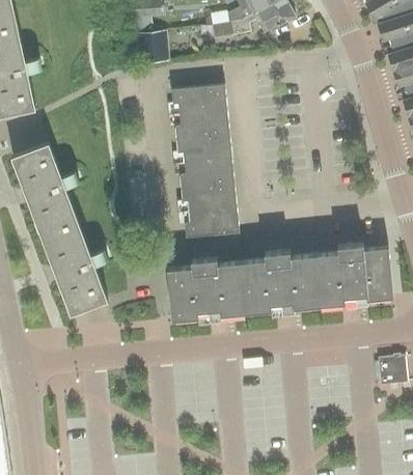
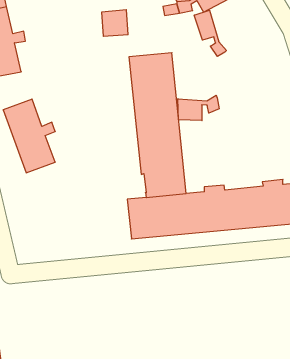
building: none -> [194,10,226,56]
building: none -> [178,95,219,121]
building: [42,222,107,314] -> none

